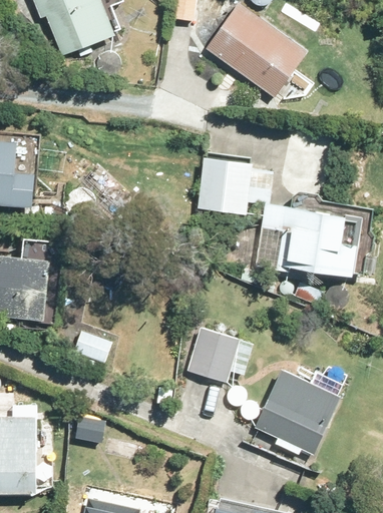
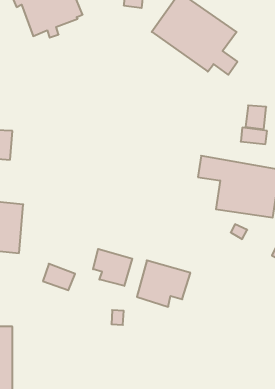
building: [197,157,252,214] -> none
building: none -> [93,249,132,286]
building: [255,369,341,455] -> none

